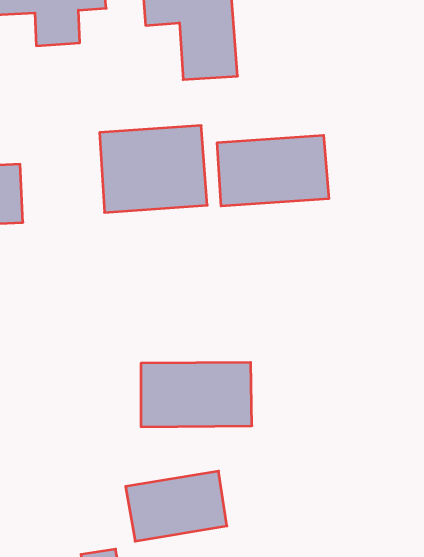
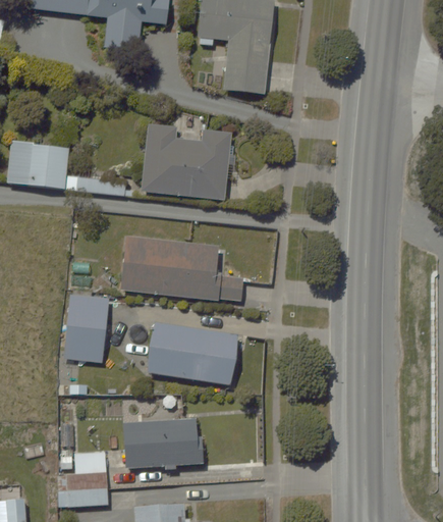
building: [217,135,329,206] -> none
building: none -> [120,240,238,300]
building: none -> [67,297,106,362]

